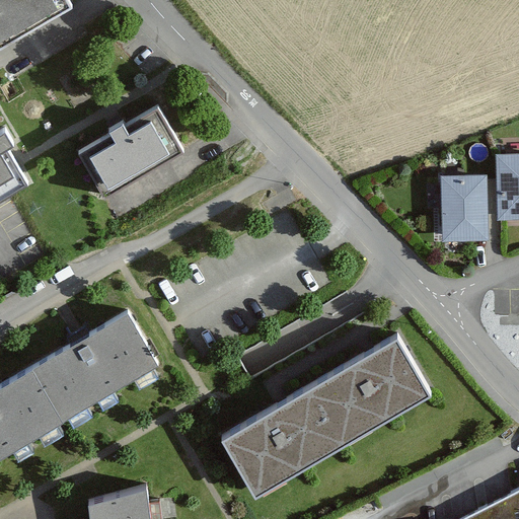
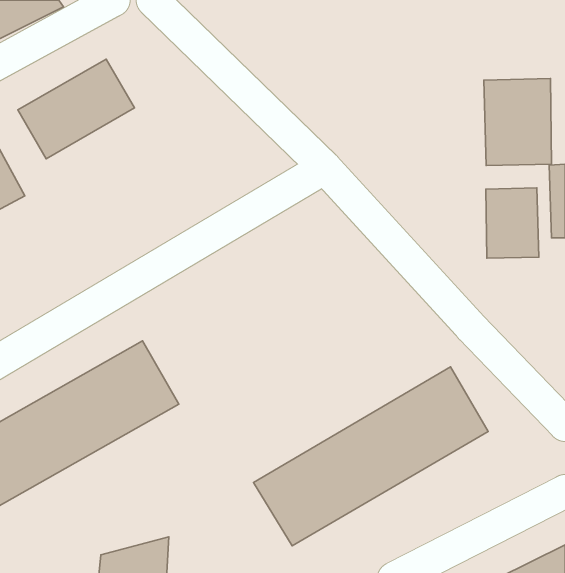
building: none -> [484,79,551,166]
building: [81,107,186,197] -> [18,59,134,159]

